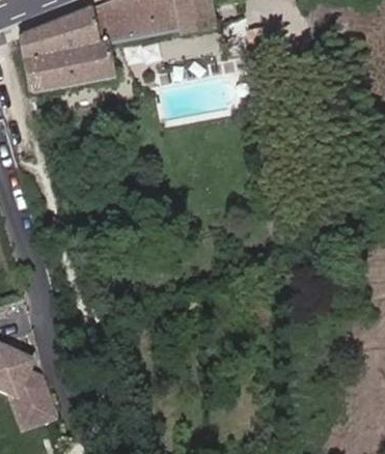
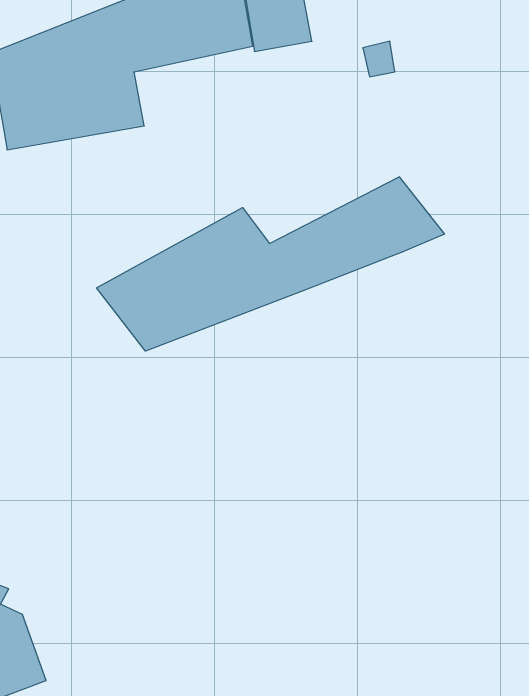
building: none -> [96,177,444,351]

